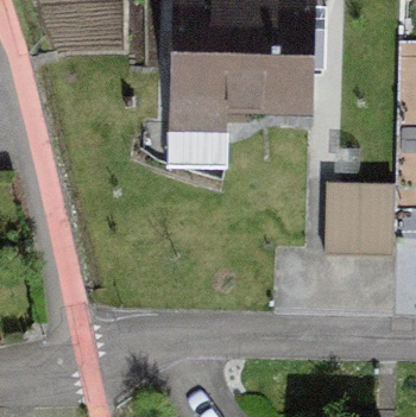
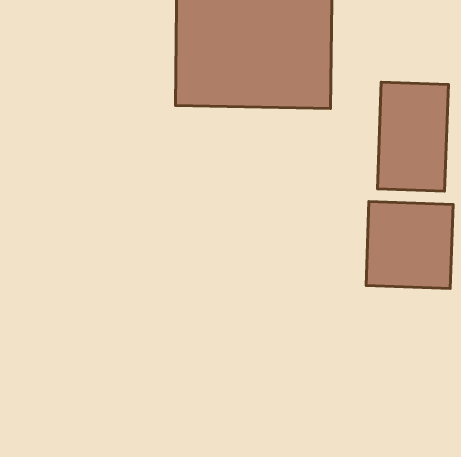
building: none -> [377,82,448,191]

